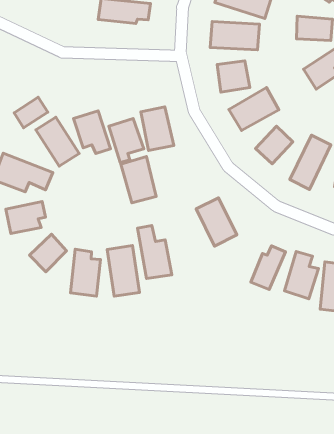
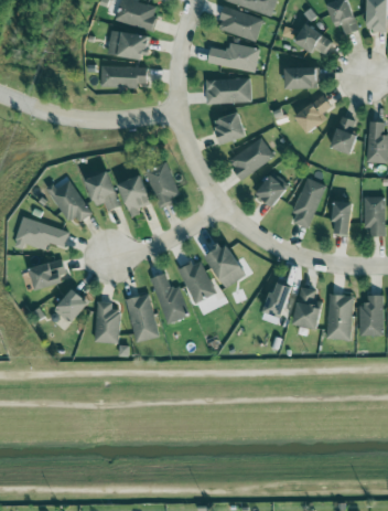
building: [14,97,48,128] -> none
building: [121,157,156,203] -> [180,259,215,304]

